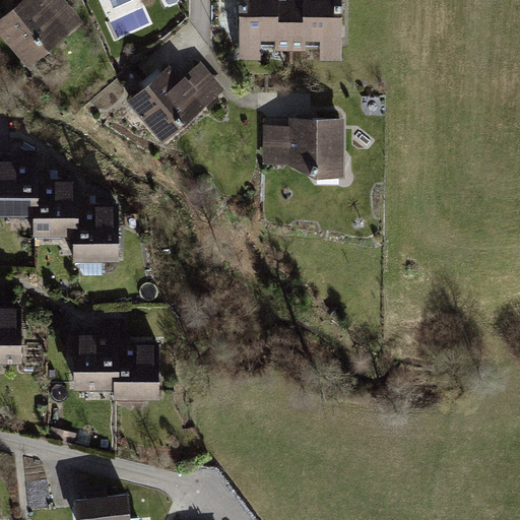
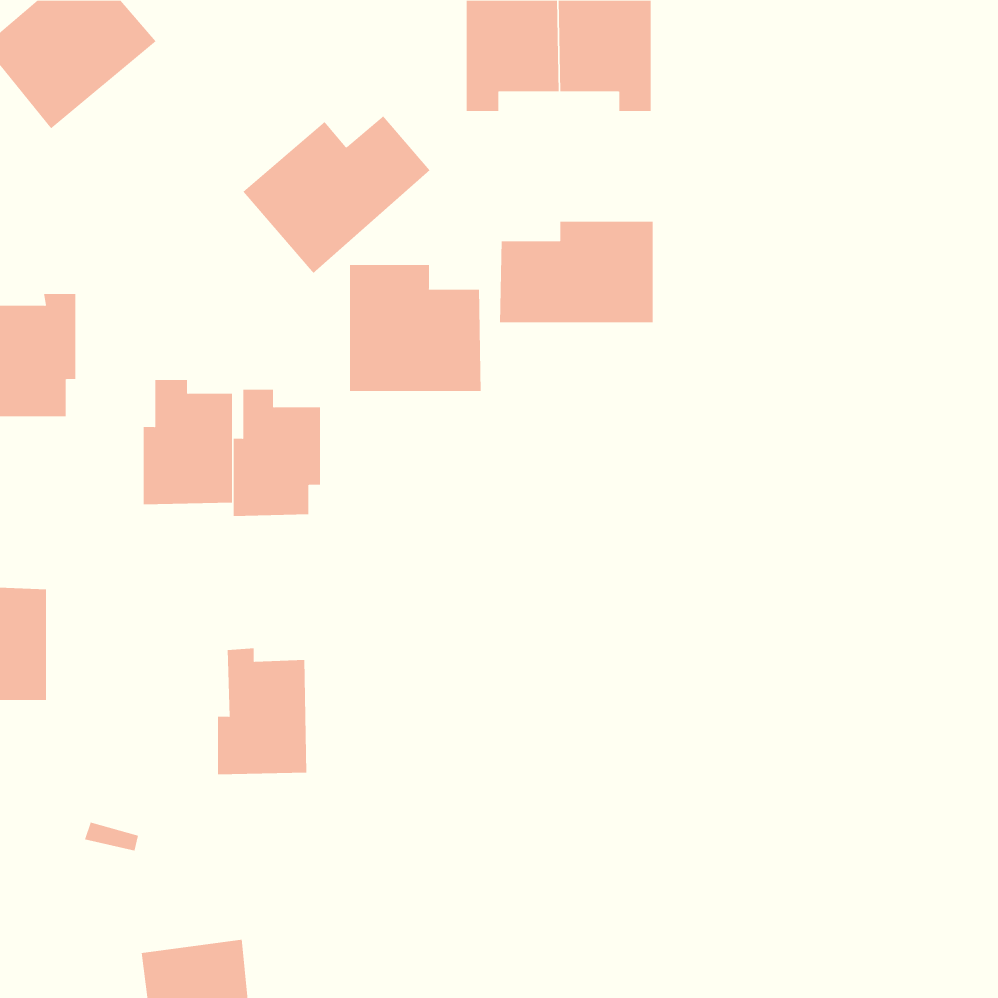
building: none -> [349,264,481,392]
building: [35,173,80,239] -> [233,389,321,516]
building: [72,328,119,393] -> none

